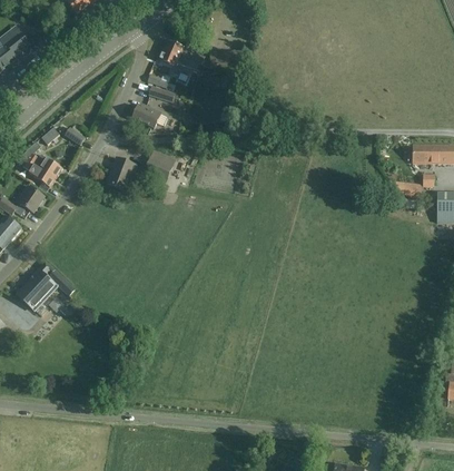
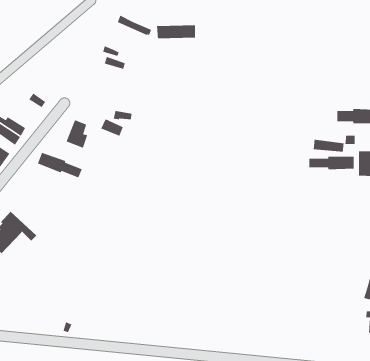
building: [160,48,199,76] -> none
building: [132,104,167,128] -> none
building: none -> [37,152,83,178]
building: none -> [309,156,354,170]

